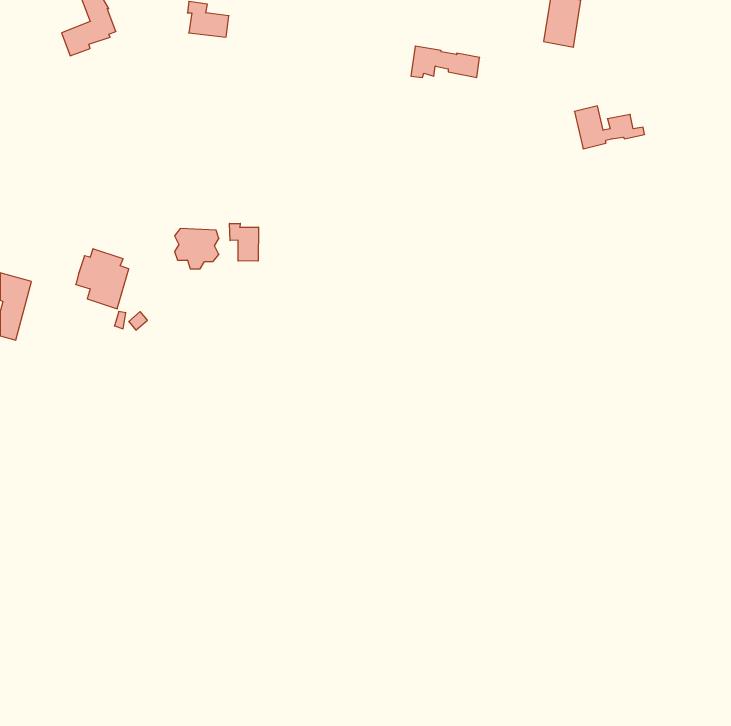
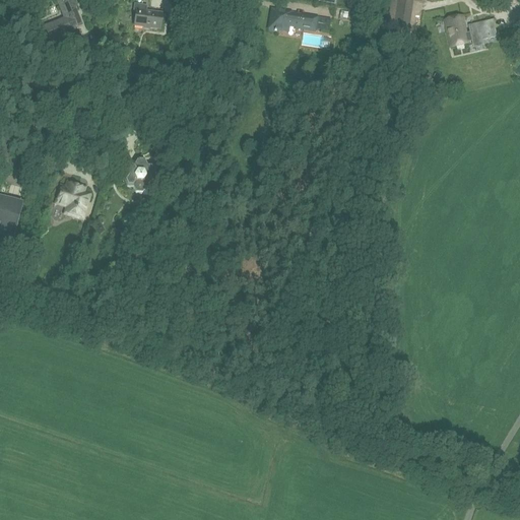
building: [411,46,480,77] -> [269,7,318,29]
building: [574,106,645,149] -> [446,14,496,45]
building: [230,223,258,261] -> none

